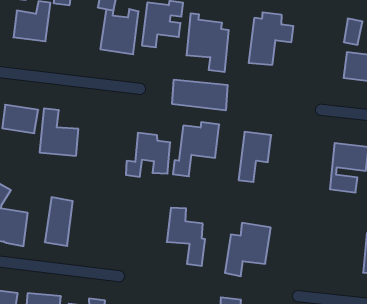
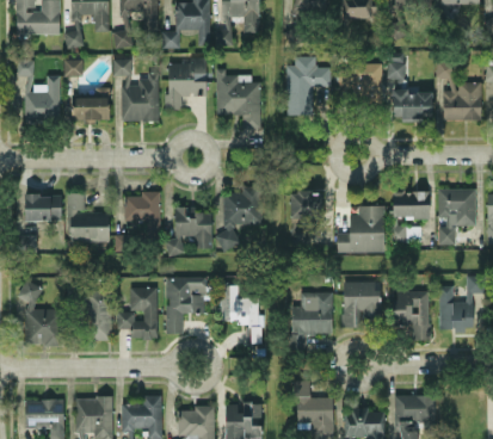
building: none -> [70,87,109,120]
building: none -> [337,63,382,105]
building: [172,80,228,110] -> none
building: none -> [124,192,159,222]
building: none -> [335,205,383,253]
building: none -> [165,278,204,334]
building: none -> [117,287,156,339]
building: none -> [341,282,380,328]
building: none -> [395,291,429,341]

